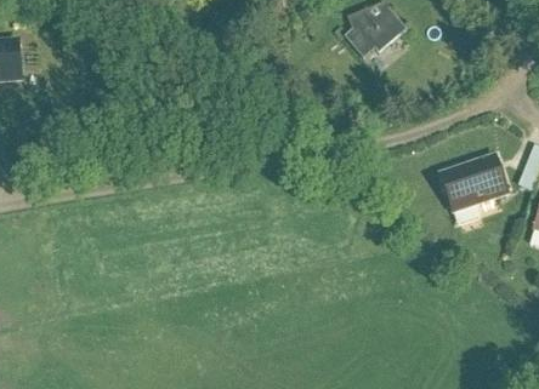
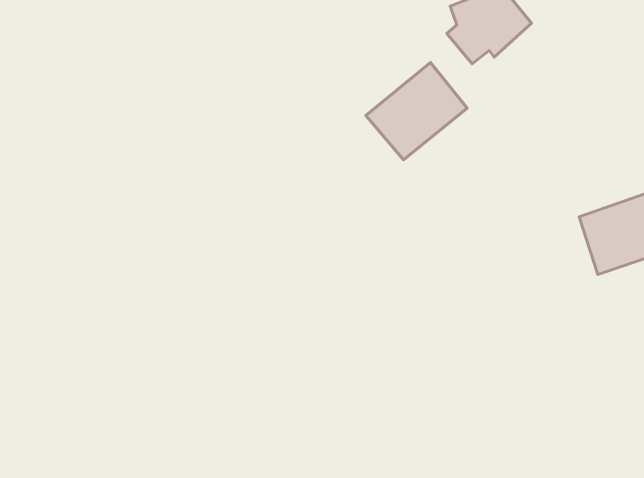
building: none -> [366,63,467,160]

